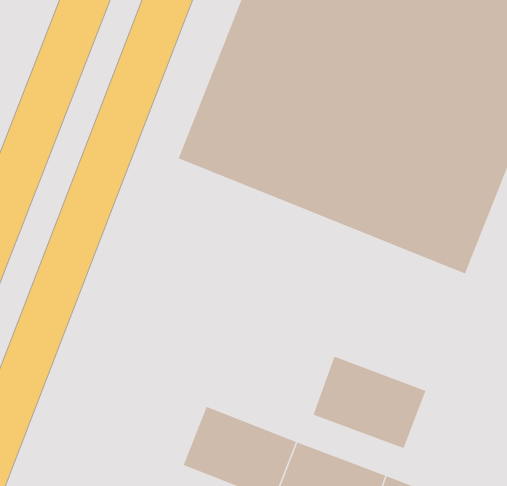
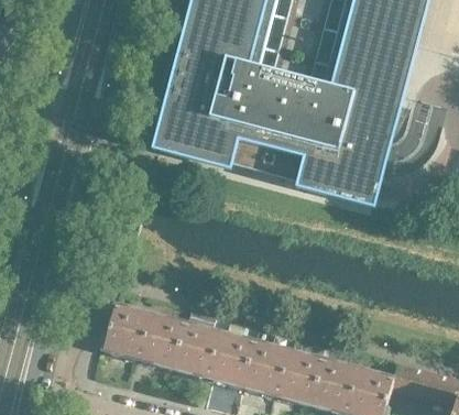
building: [313,356,426,449] -> none
building: none -> [103,305,187,369]

